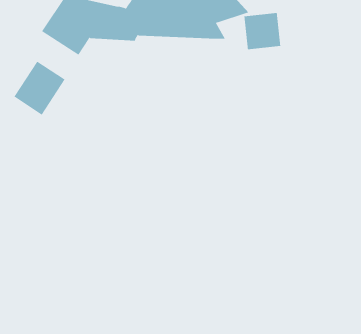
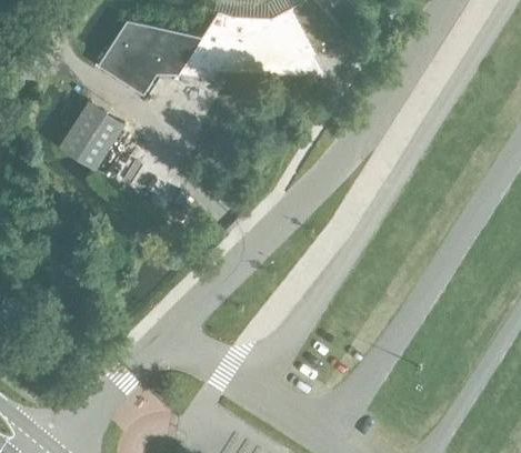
building: [244,12,281,50] -> none

